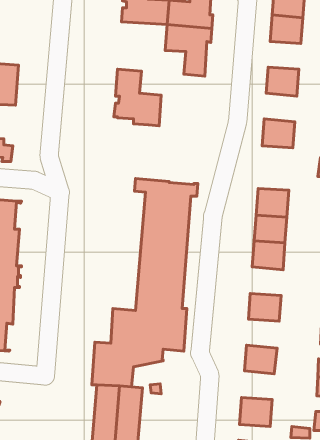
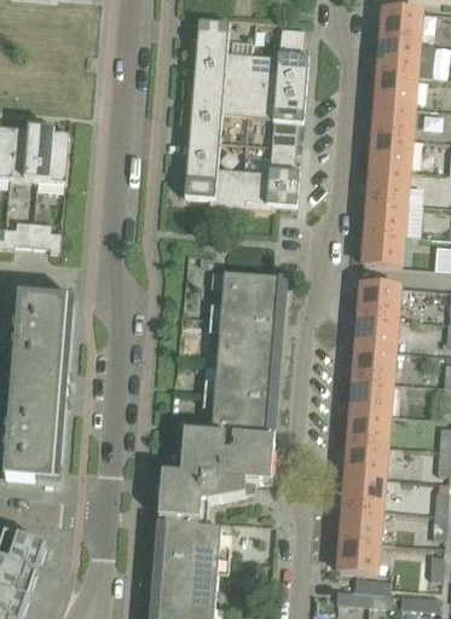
building: none -> [189,80,249,140]
building: none -> [372,104,412,138]
building: none -> [239,144,296,209]
building: none -> [368,167,407,202]
building: none -> [363,231,403,266]
building: none -> [351,378,391,413]
building: none -> [346,442,386,478]
building: none -> [340,505,380,540]

